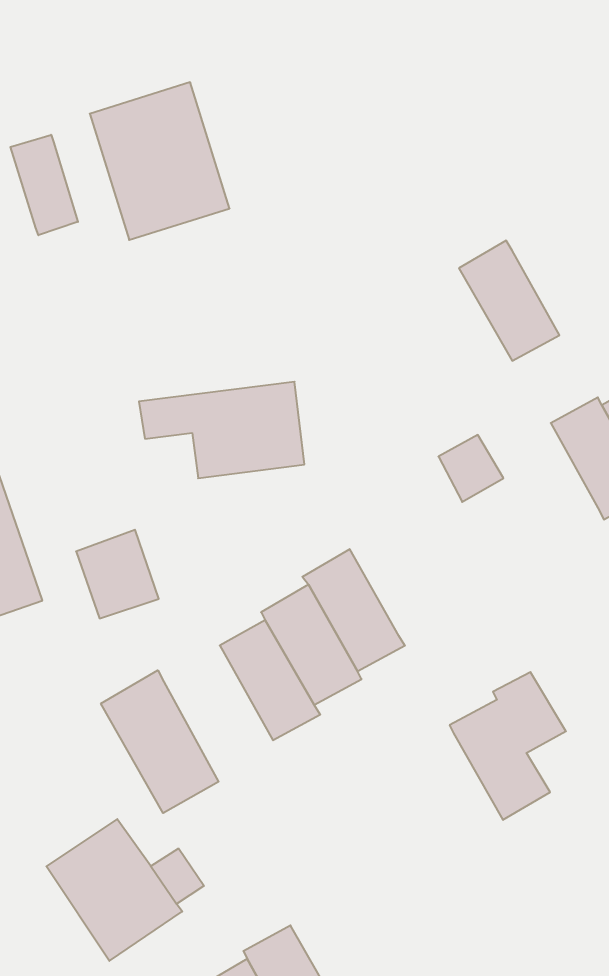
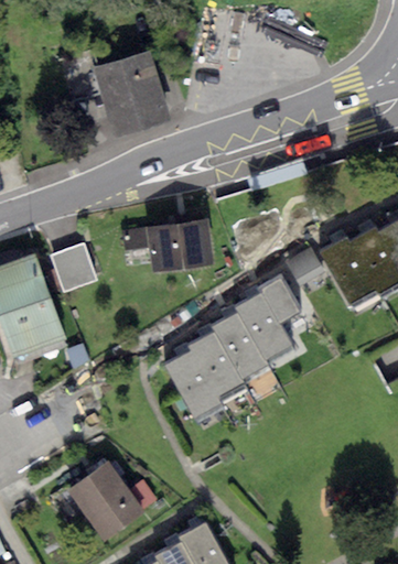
building: [10,135,78,235] -> none
building: [459,241,559,361] -> [320,235,376,302]
building: [76,530,159,618] -> [51,242,97,292]
building: [101,670,219,813] -> none
building: [450,672,566,820] -> [235,276,300,359]

